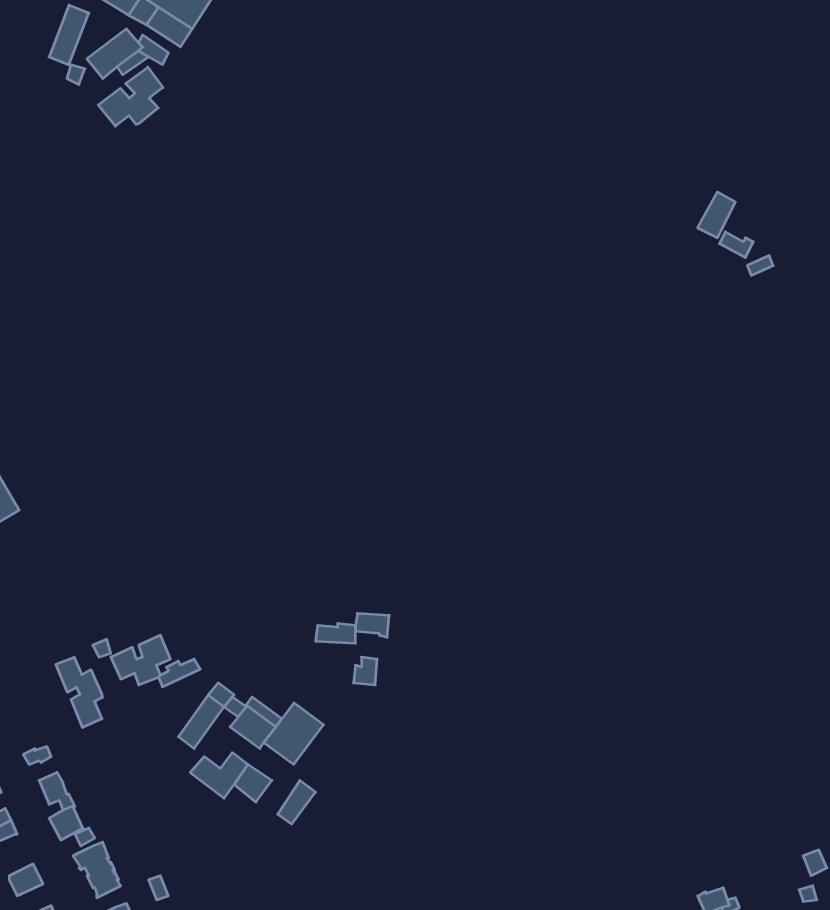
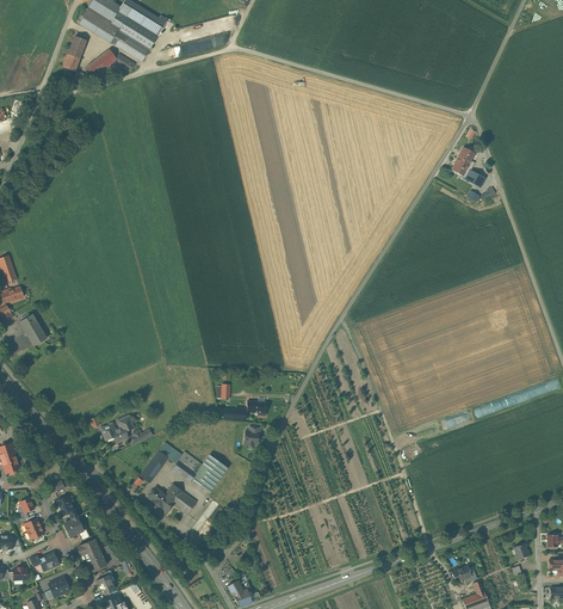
building: [98,67,163,126] -> none
building: [56,657,102,728] -> none

